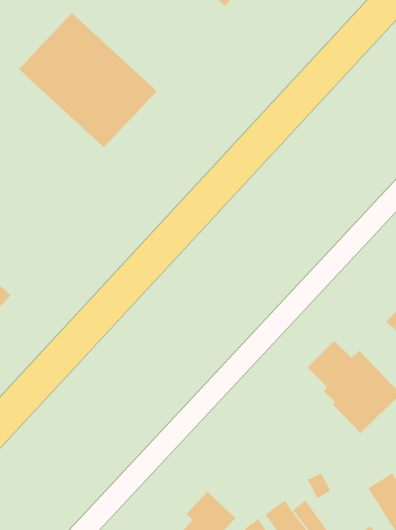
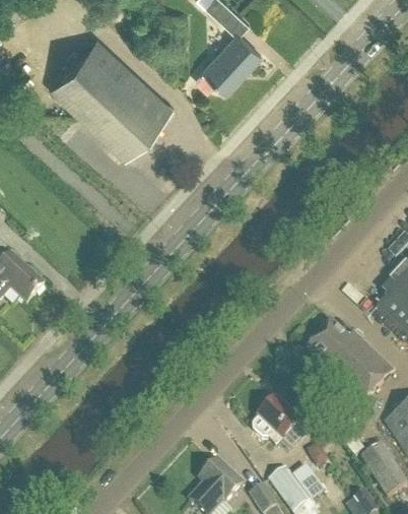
building: none -> [196,26,260,85]
building: none -> [252,394,299,443]

